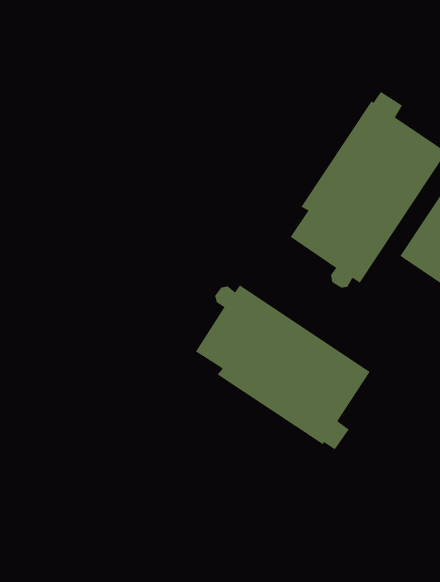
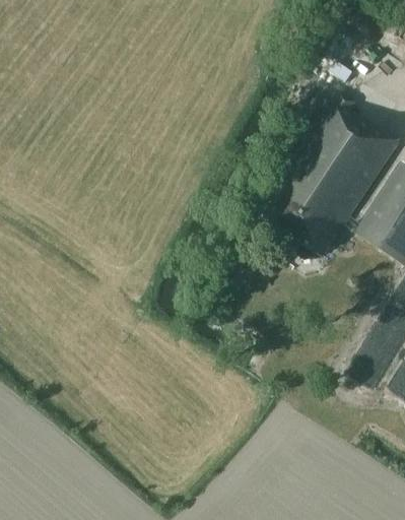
building: [195,285,370,450] -> none

